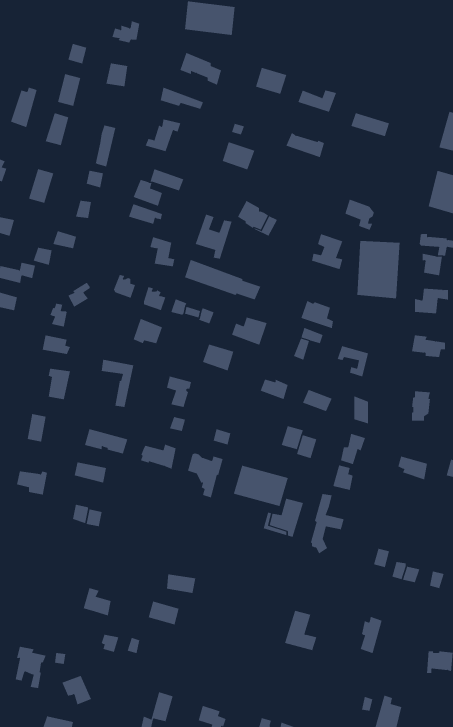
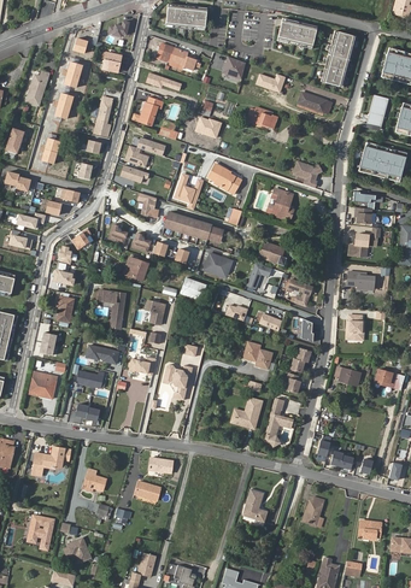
building: none -> [277,18,317,49]
building: none -> [321,31,357,88]
building: [357,240,400,299] -> none
building: [233,465,288,507] -> none
building: none -> [31,448,71,480]

